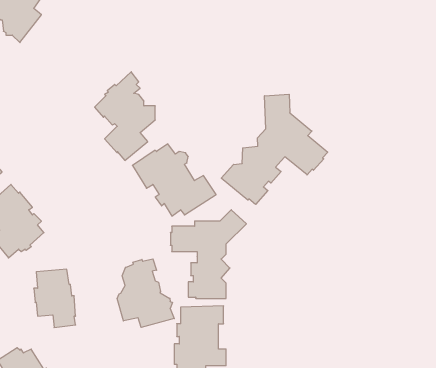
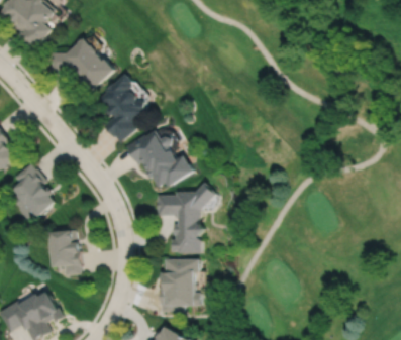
building: none -> [52,35,114,90]
building: [221,94,328,204] -> none
building: [117,259,174,327] -> none

